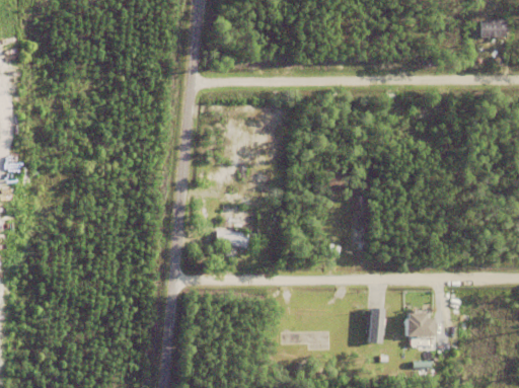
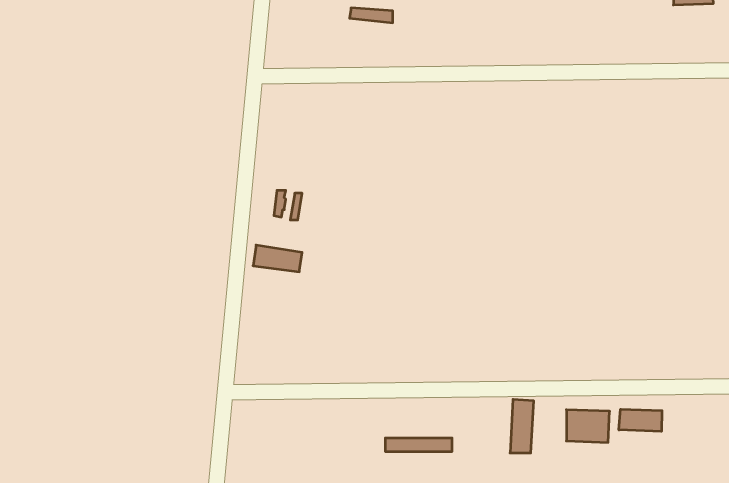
building: [213,230,246,248] -> [253,245,302,272]
building: none -> [619,409,662,431]

